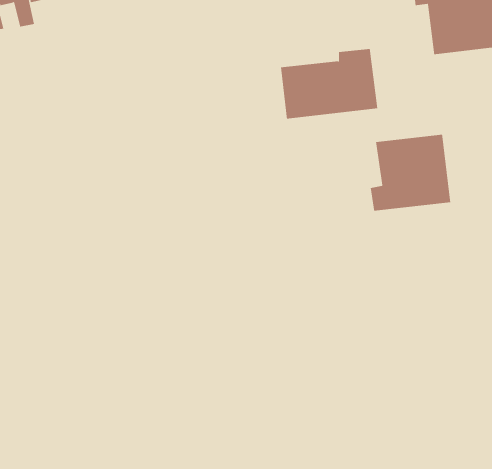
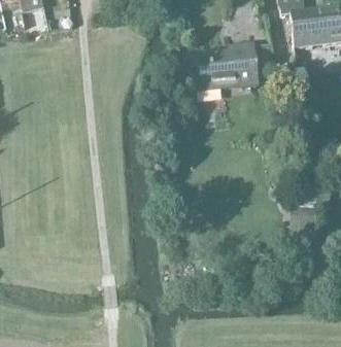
building: [370,134,451,211] -> none

